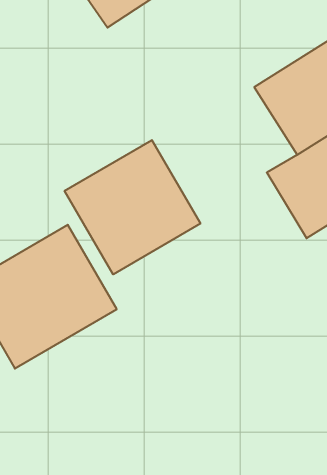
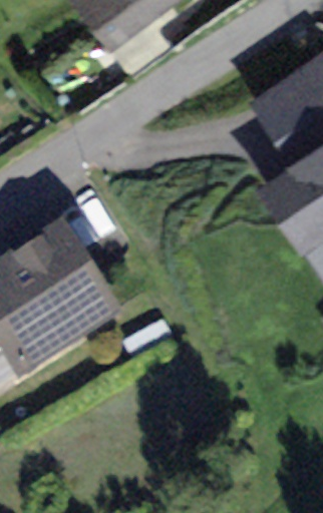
building: [65,140,200,274] -> none

